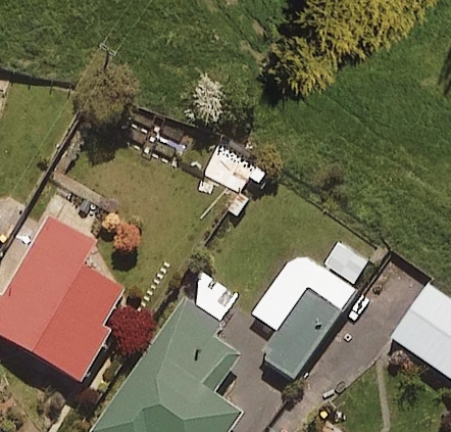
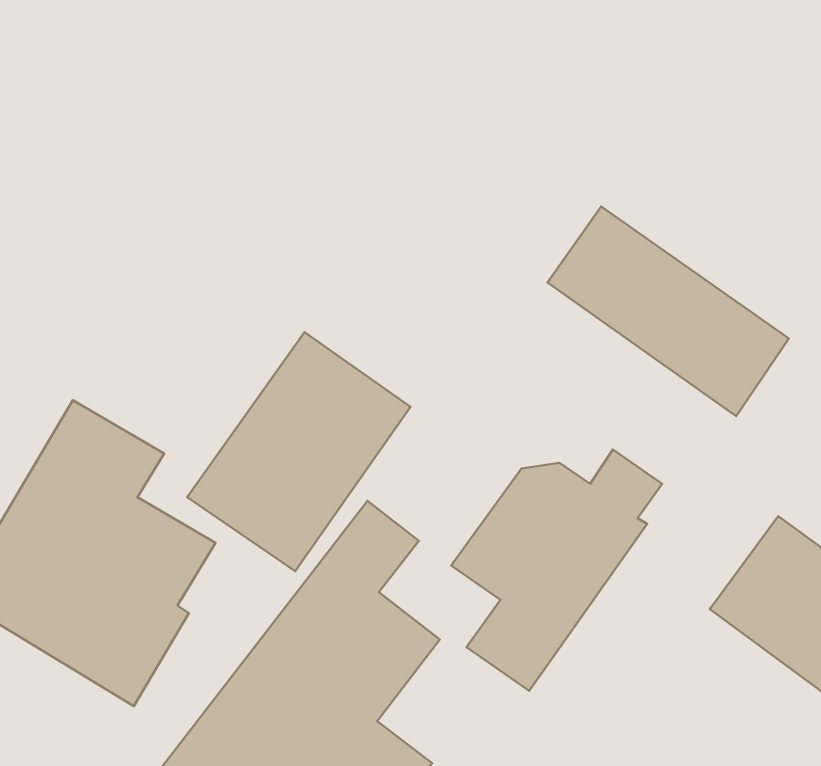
building: none -> [548,207,789,416]
building: none -> [187,332,411,571]

